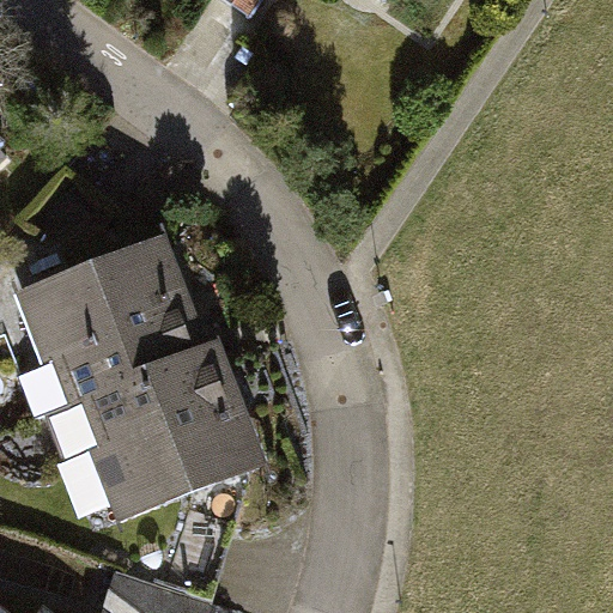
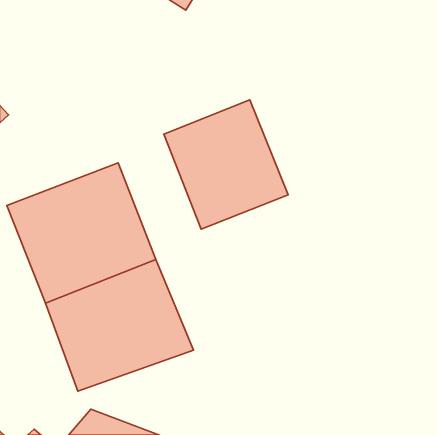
building: none -> [164,100,288,229]

